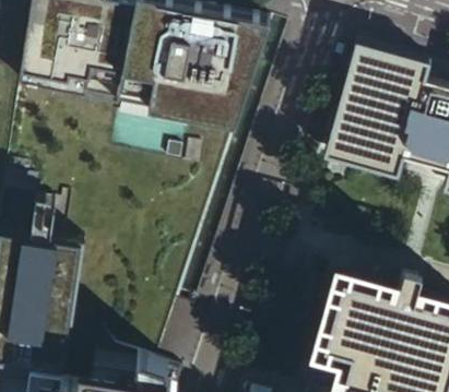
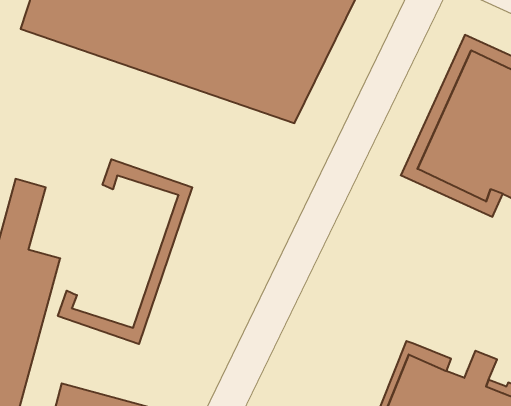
building: none -> [58,159,192,344]

